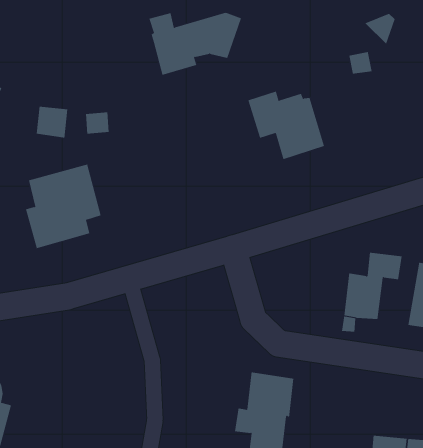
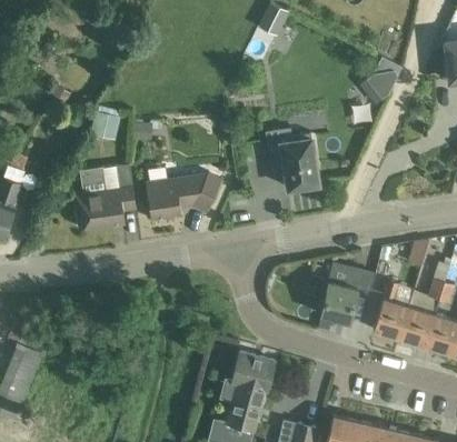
building: [149,12,242,75] -> [147,169,222,219]

